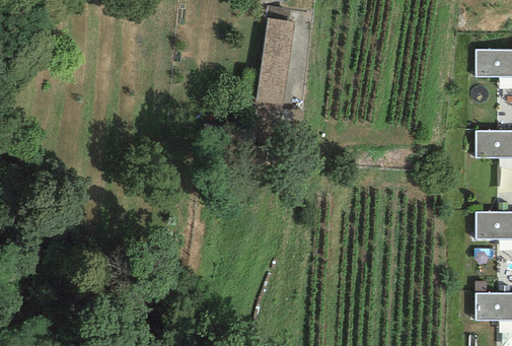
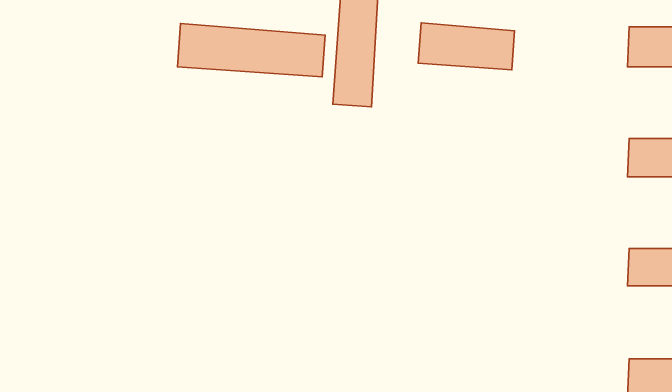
building: none -> [418,23,514,70]
building: none -> [177,24,325,77]

